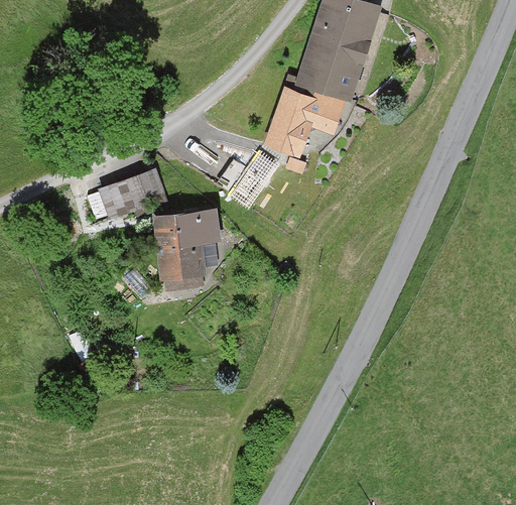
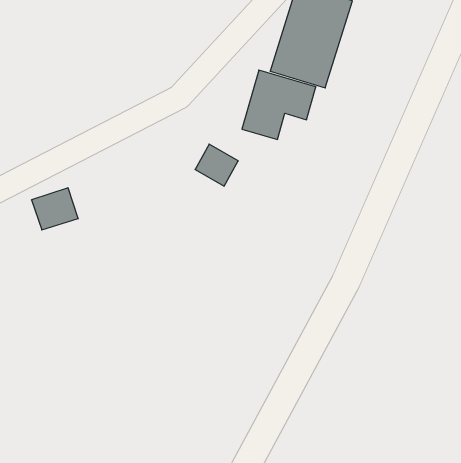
building: [97,173,147,219] -> [31,188,78,230]
building: [153,209,222,292] -> none

